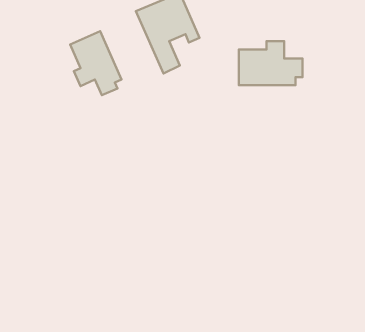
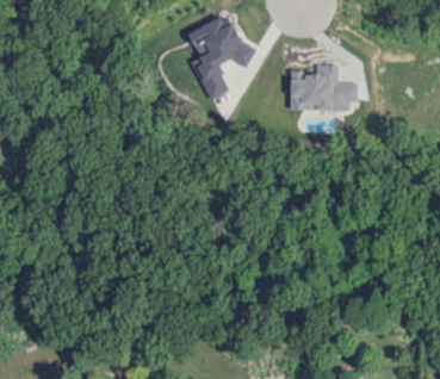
building: [70,31,122,95] -> none

